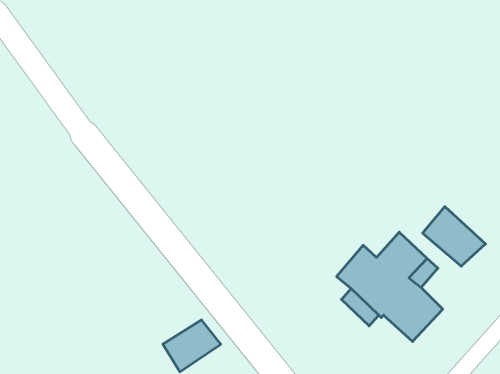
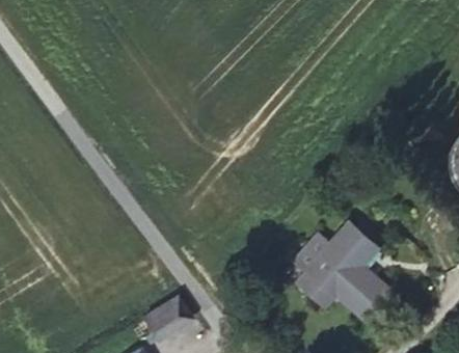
building: [423,207,486,266] -> none

